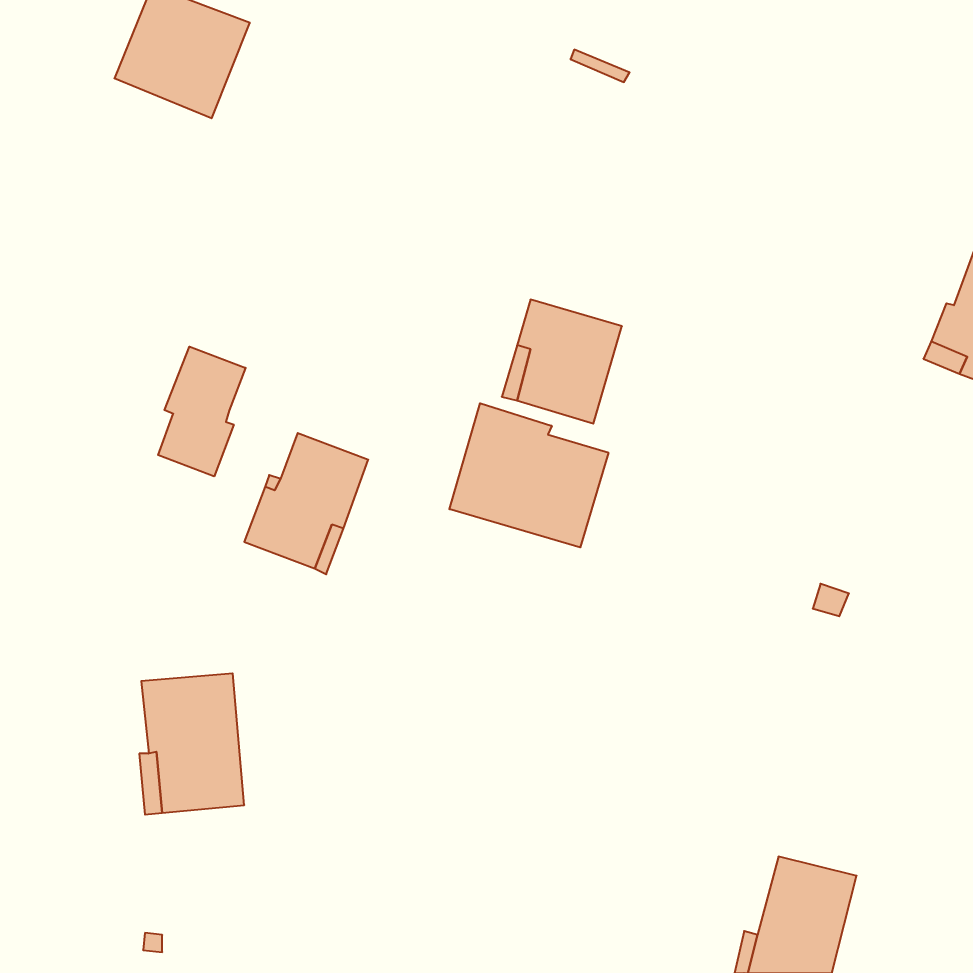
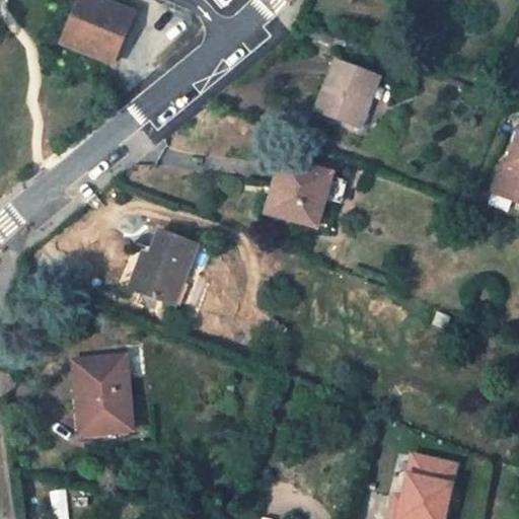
building: none -> [316,59,379,125]
building: [158,347,246,476] -> none
building: [449,403,608,547] -> none

